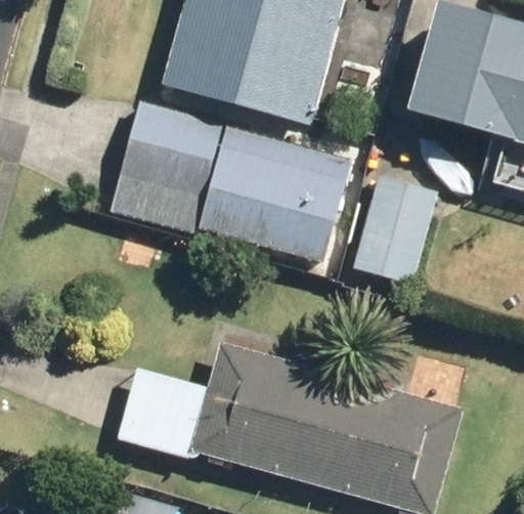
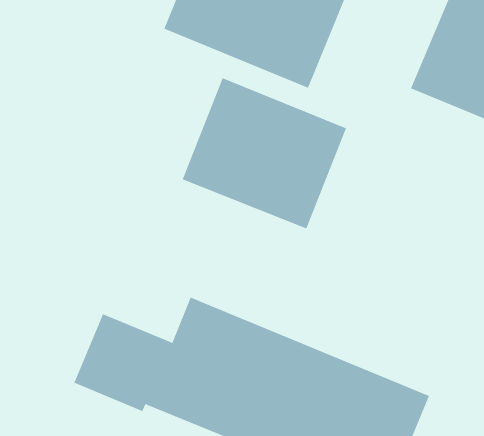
building: [110,100,222,231] -> none
building: [353,175,436,283] -> none

